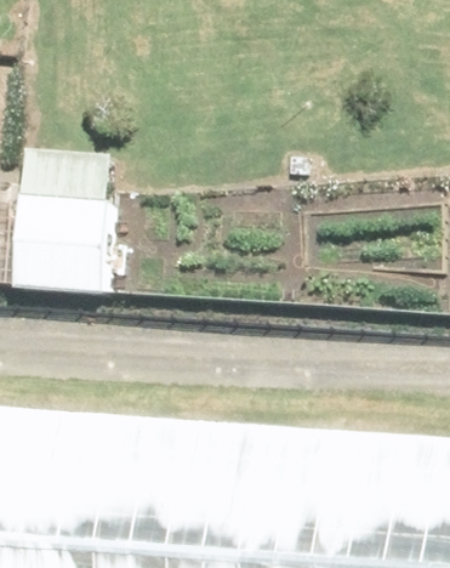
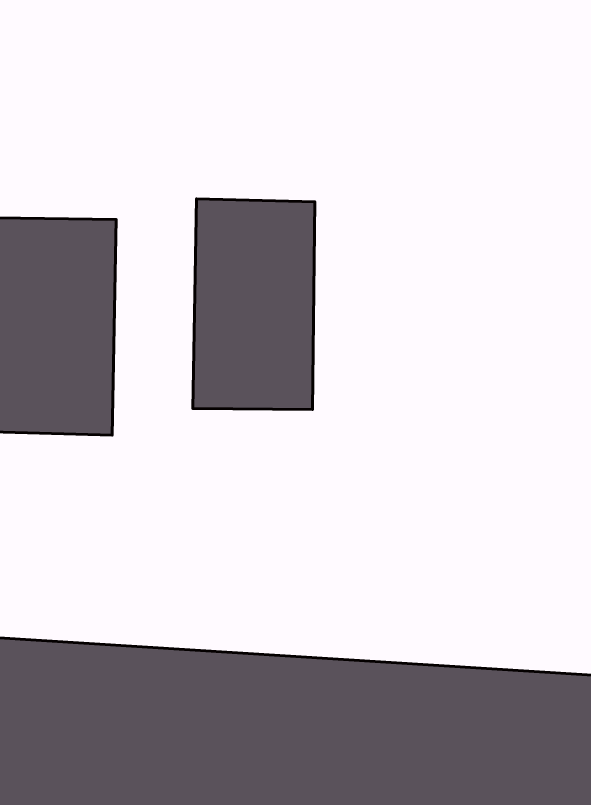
building: none -> [193,199,315,409]

